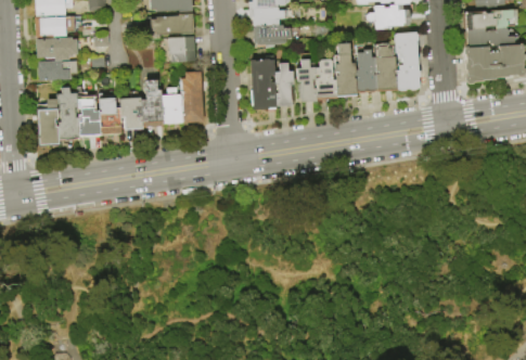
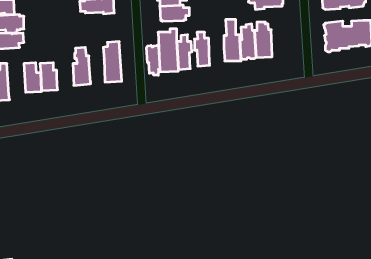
building: [463,27,514,47] -> none
building: [395,31,421,90] -> none
building: [168,36,195,62] -> none
building: [316,59,336,99] -> none
building: none -> [147,45,160,75]
building: [56,86,80,139] -> none
building: [162,93,182,123] -> none
building: [119,97,142,129] -> none

